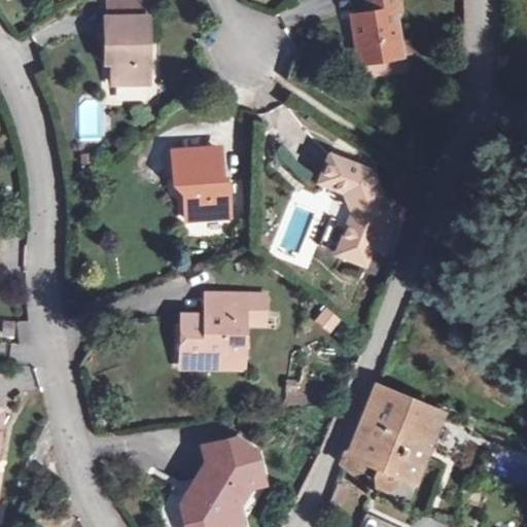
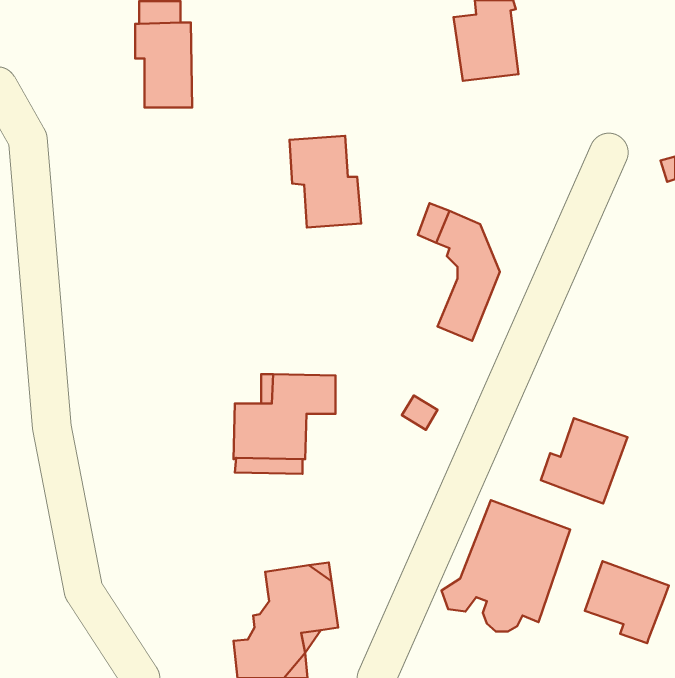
building: [174,149,230,220] -> [290,136,361,227]
building: none -> [541,418,627,504]
building: none -> [585,561,669,643]

